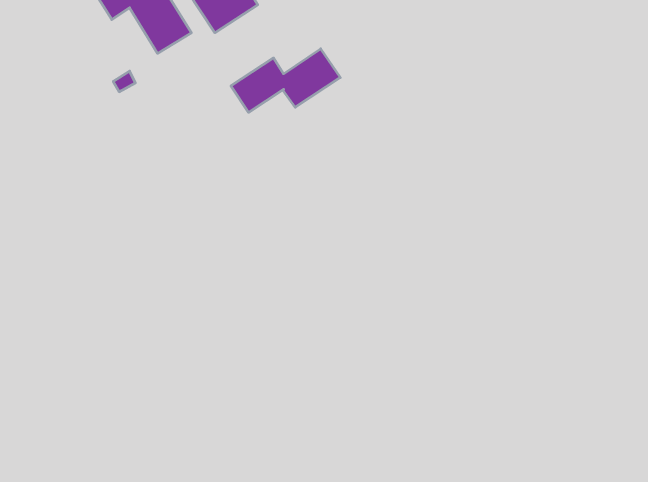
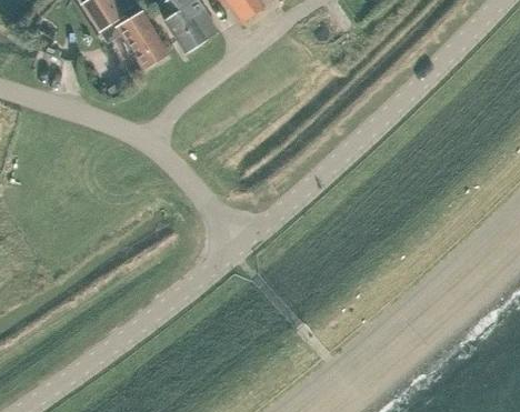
building: [231,49,340,112] -> none

